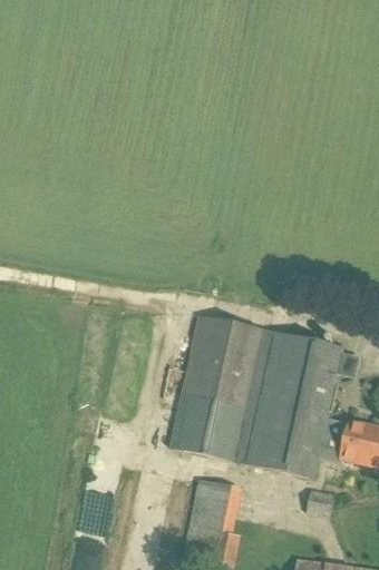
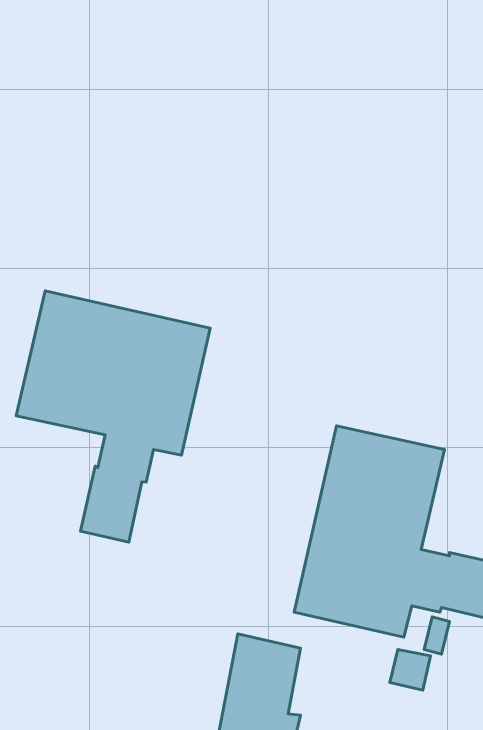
building: none -> [16,291,210,542]
building: [168,313,266,461] -> none

